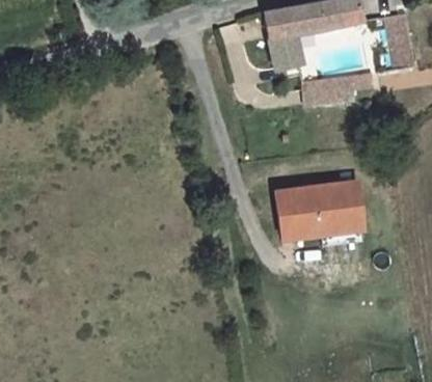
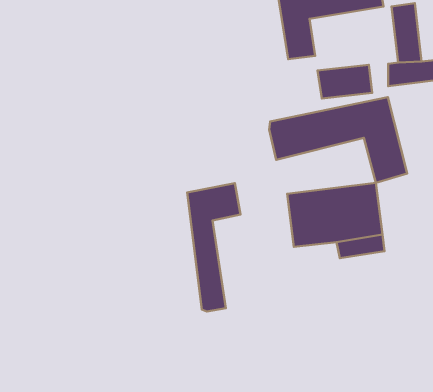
building: none -> [269,97,407,183]
building: none -> [187,183,240,311]

